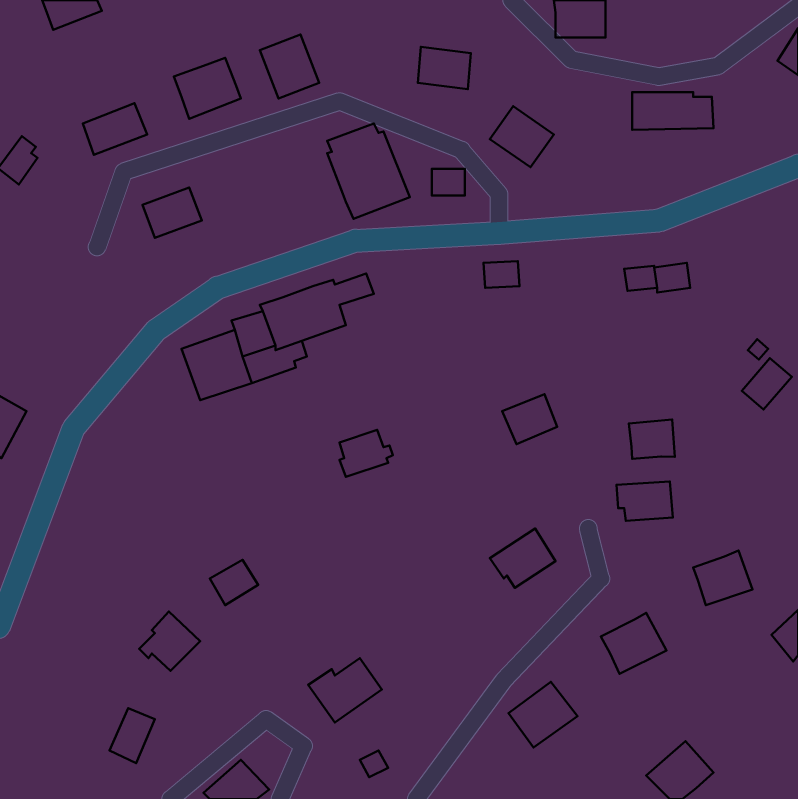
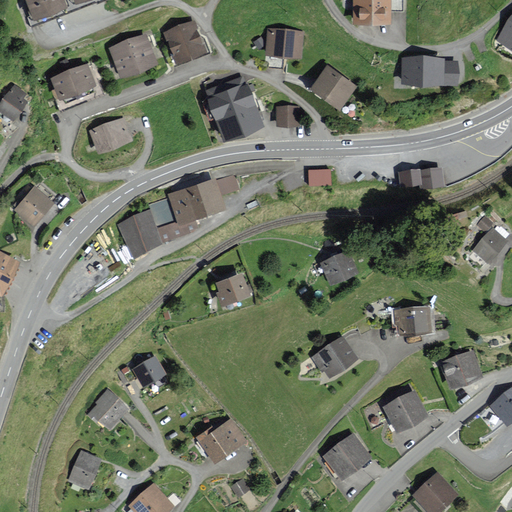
building: none -> [15,189,51,225]
building: [629,420,675,459] -> none

